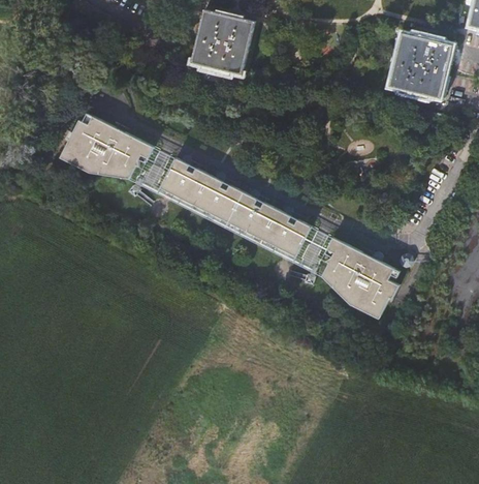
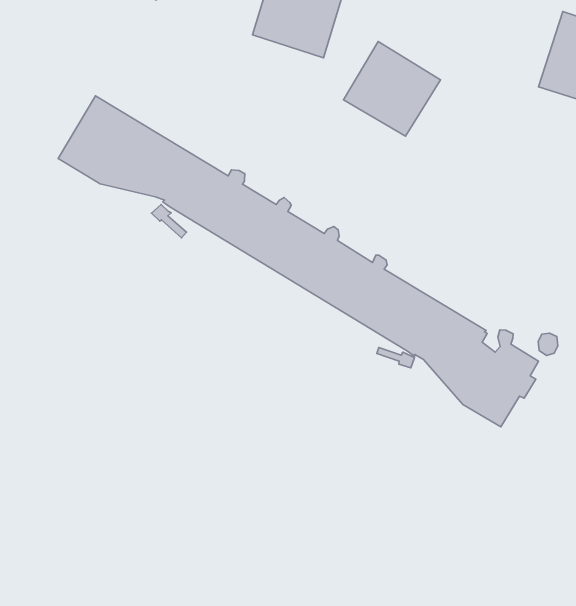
building: none -> [343,42,440,136]

